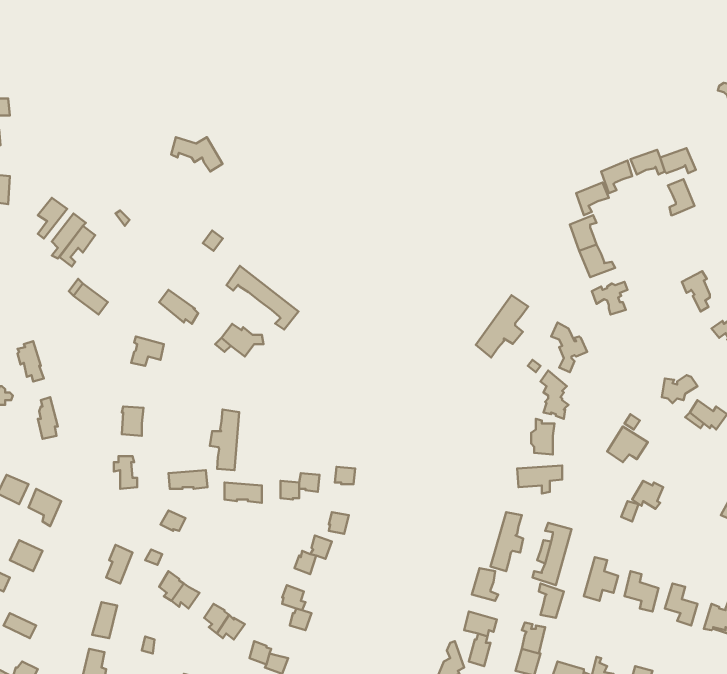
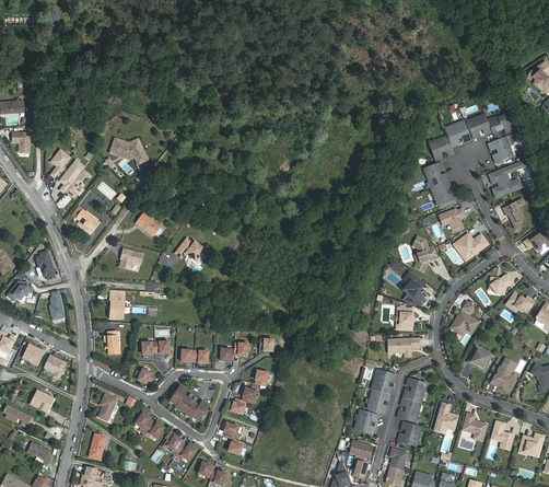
building: [171,137,223,172] -> [108,139,144,163]
building: none -> [489,166,522,197]
building: [227,266,298,329] -> none
building: [476,295,528,358] -> none
building: none -> [453,232,488,254]
building: [210,410,239,470] -> none
building: none -> [491,358,516,390]
building: none -> [170,385,209,420]

